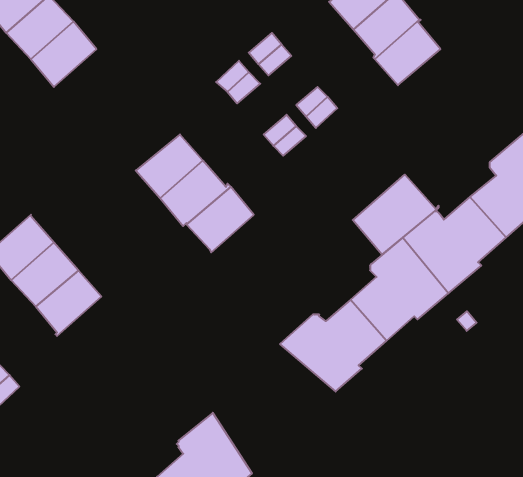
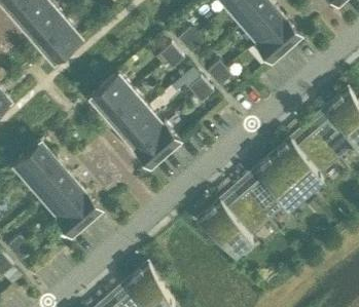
building: none -> [89,72,132,112]
building: [353,175,439,255] -> none
building: none -> [55,191,96,233]

